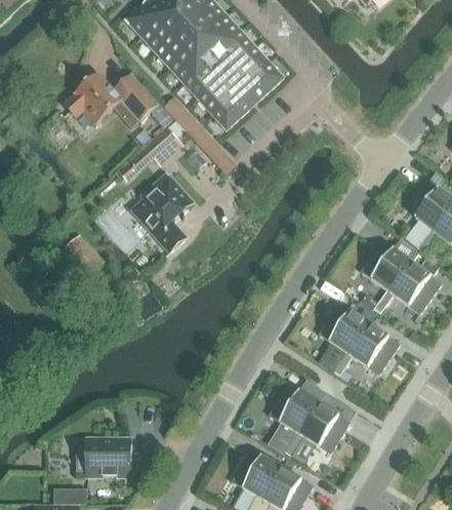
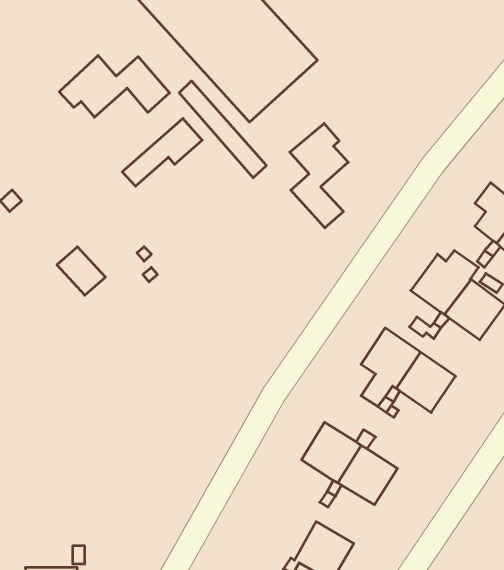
building: none -> [290,123,348,228]
building: [132,173,195,253] -> none
building: [77,439,131,477] -> none
building: [233,450,282,501] -> none

